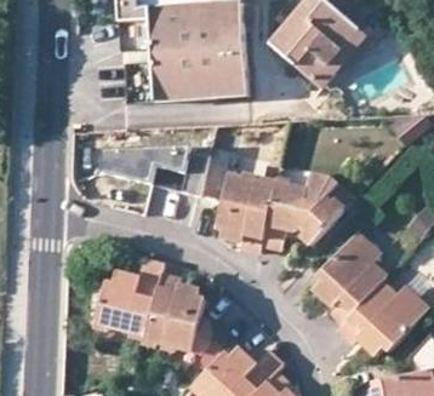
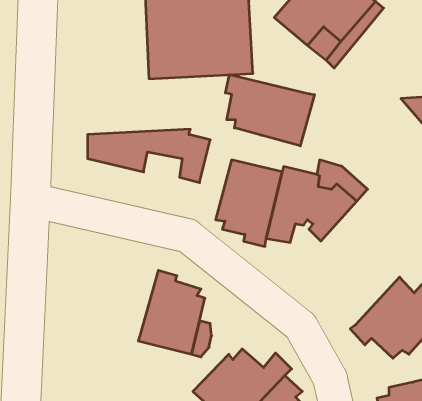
building: none -> [225,75,315,146]
building: [313,231,387,323] -> none
building: [95,259,162,334] -> none

